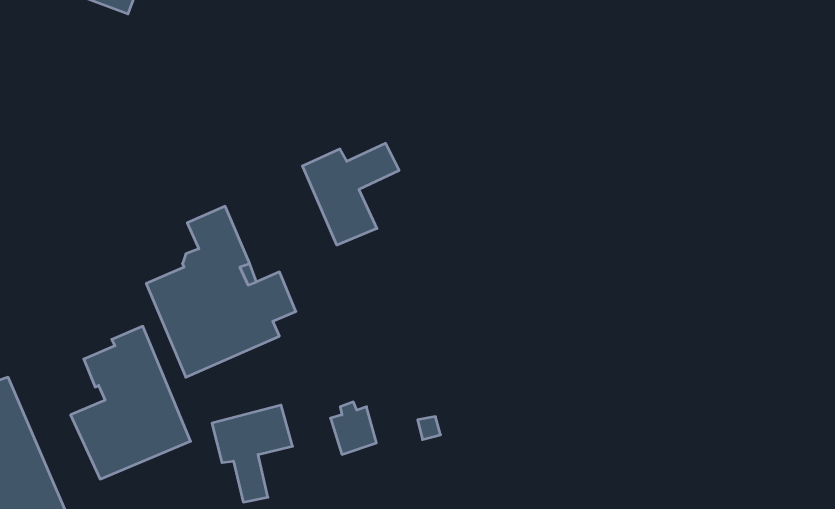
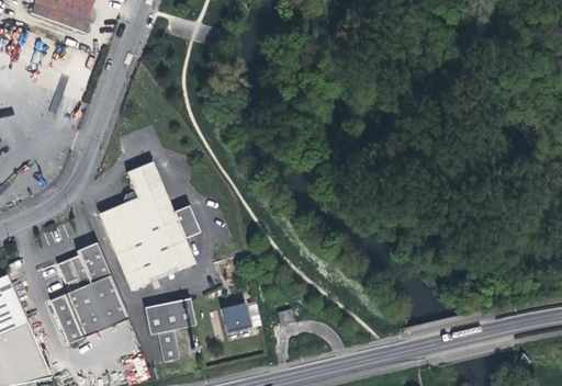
building: [302,143,399,245] -> none
building: none -> [125,248,194,290]

